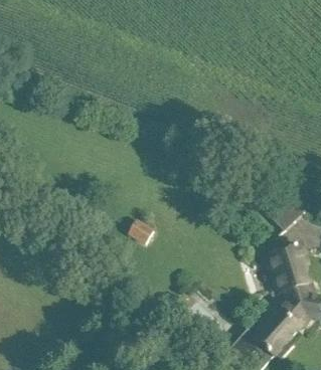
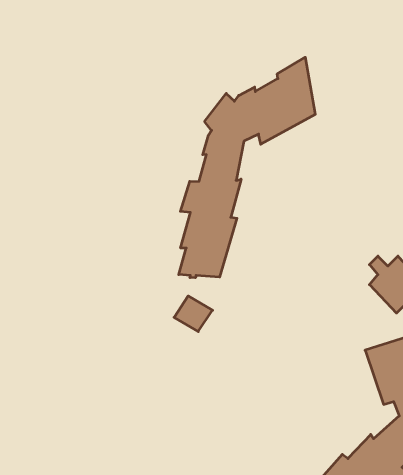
building: none -> [179,57,315,278]

